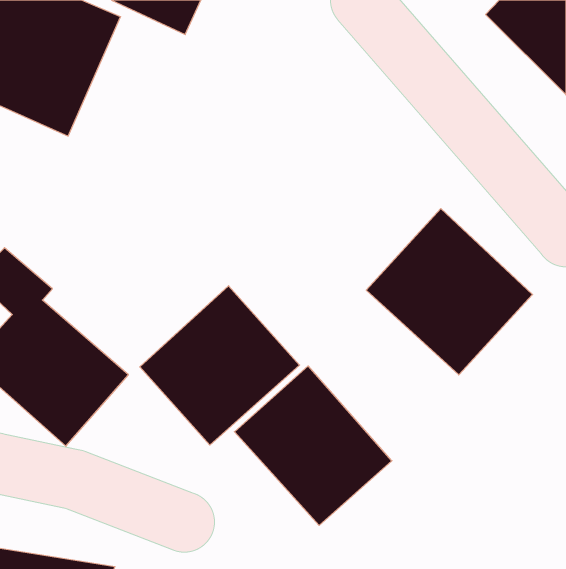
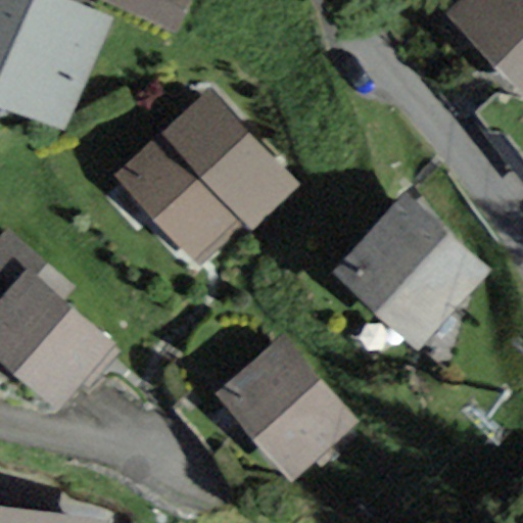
building: none -> [115,91,298,265]
building: [140,286,300,445] -> none

